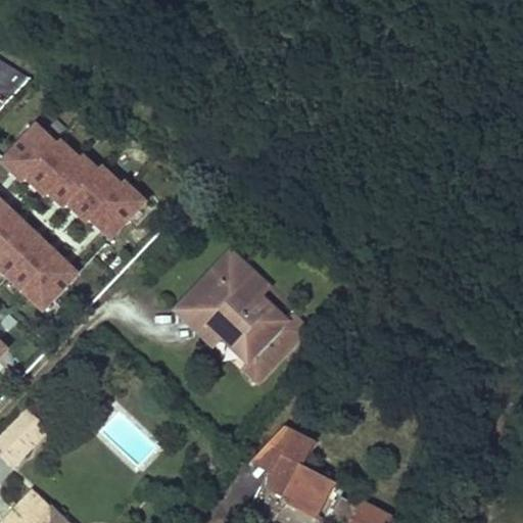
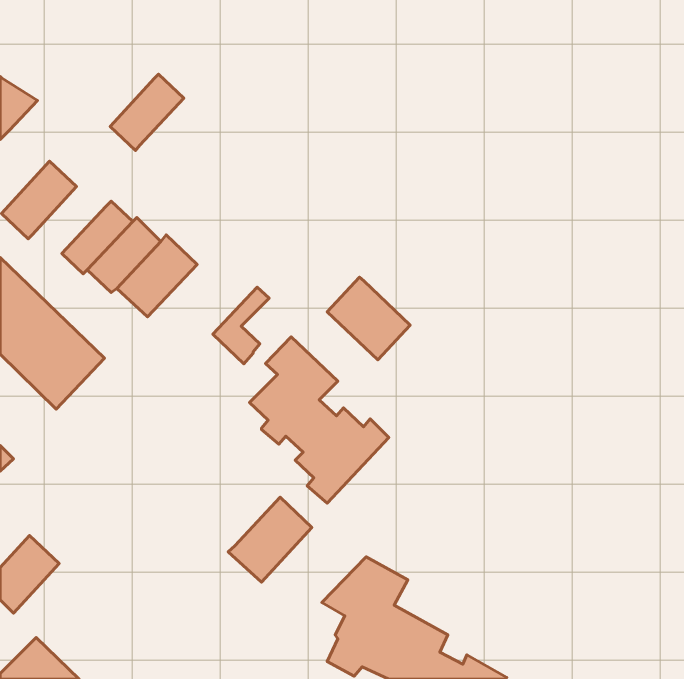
building: [26,139,82,197] -> [110,74,184,151]
building: none -> [327,277,410,360]
building: [170,277,212,335] -> [213,287,269,364]
building: none -> [228,497,312,582]

